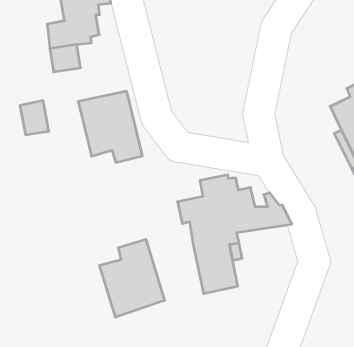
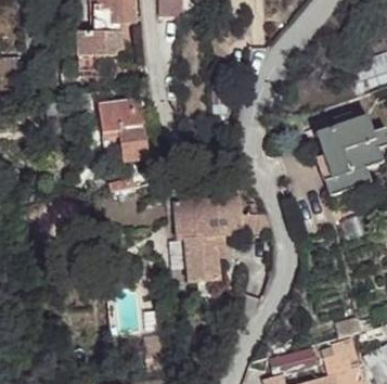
building: [100,239,165,317] -> none

